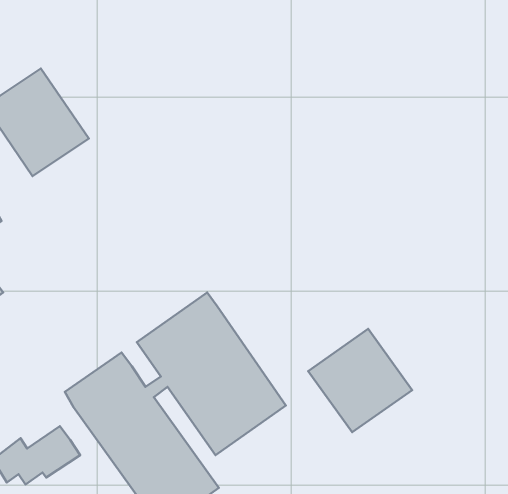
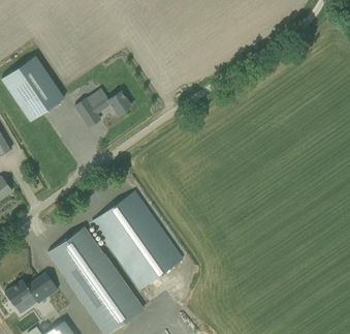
building: none -> [75,92,131,127]
building: [308,329,412,432] -> none

